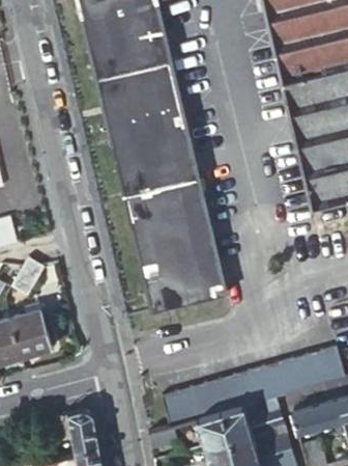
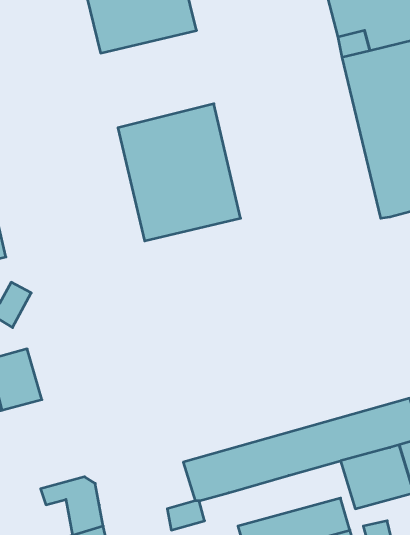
building: [96,61,184,137] -> none
building: [131,208,226,312] -> none
building: [196,408,283,447] -> none

